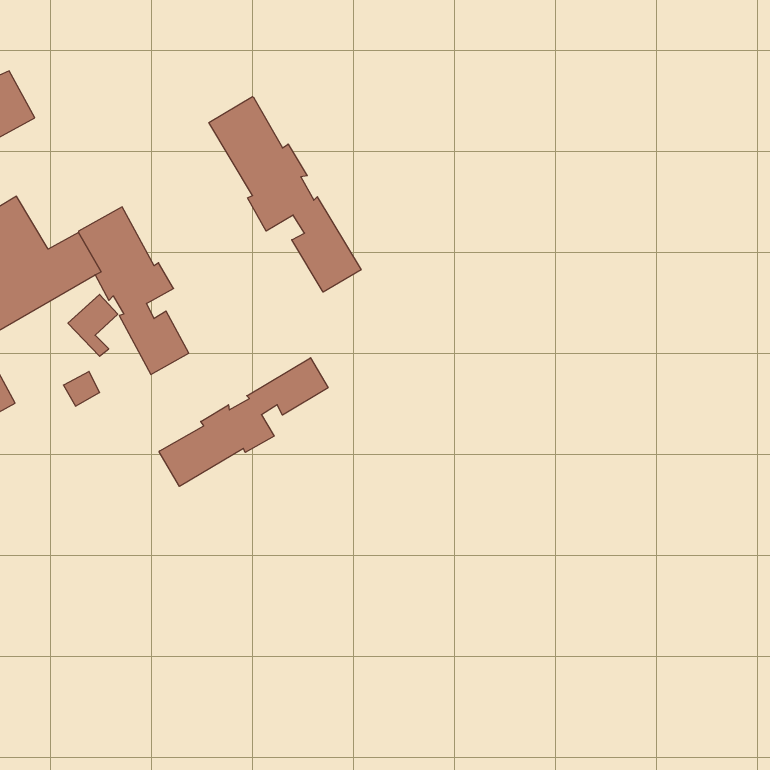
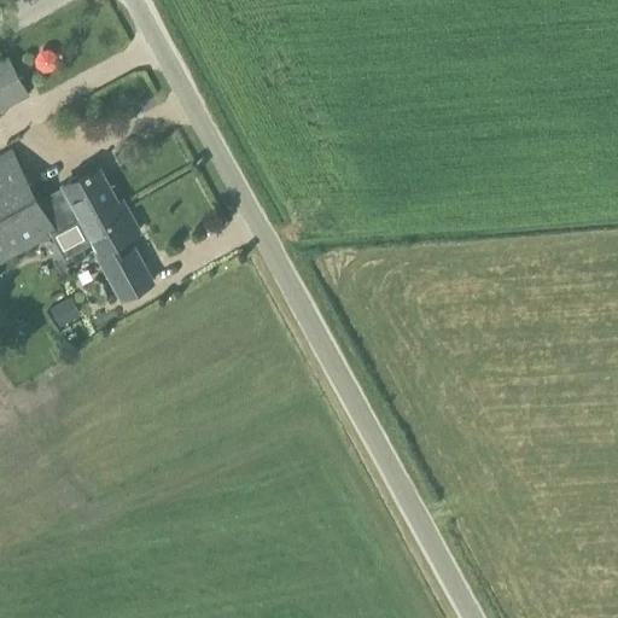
building: [209,97,361,292] -> none
building: [159,358,328,486] -> none

